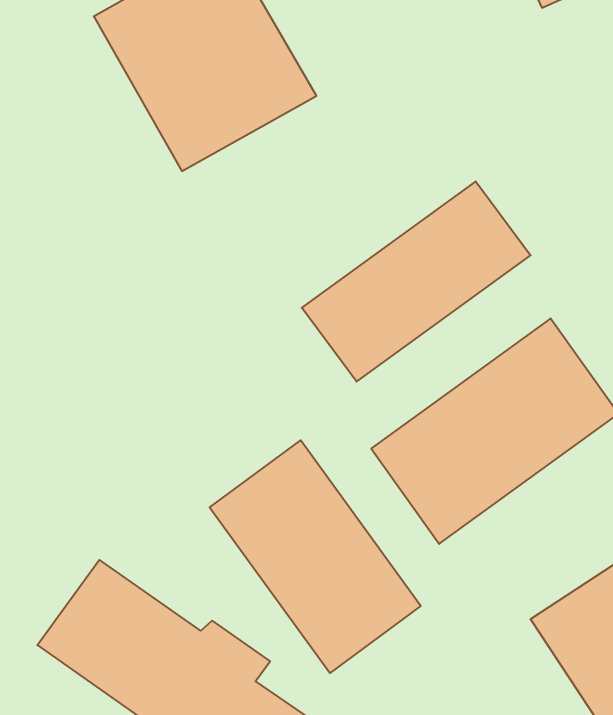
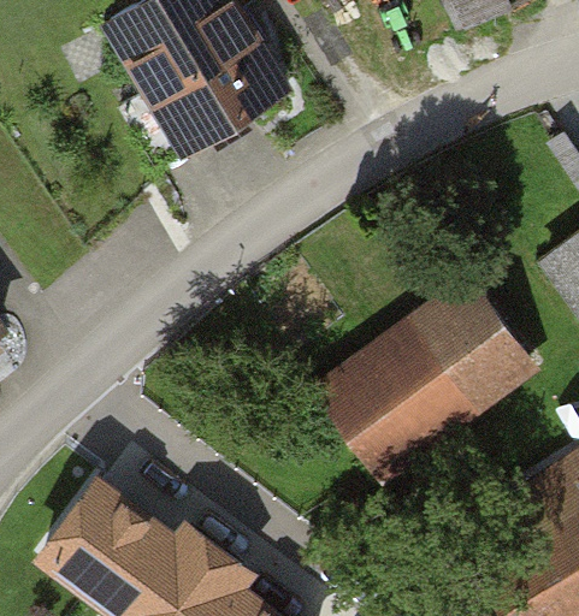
building: [302,181,531,382] -> none
building: [210,440,421,673] -> none

